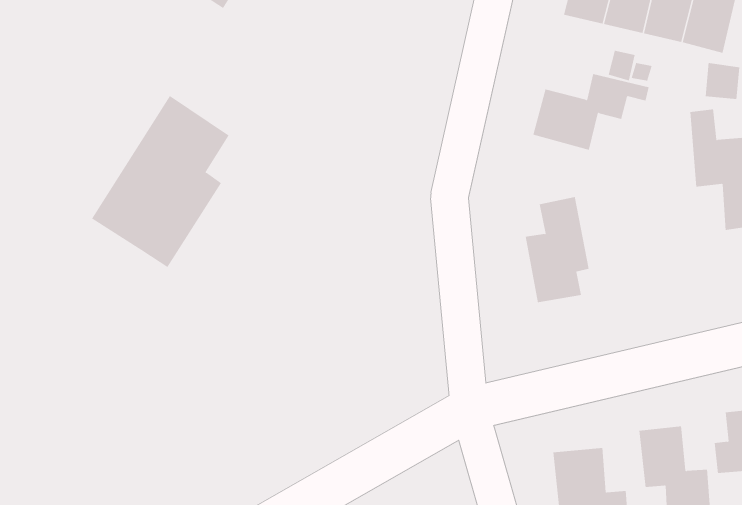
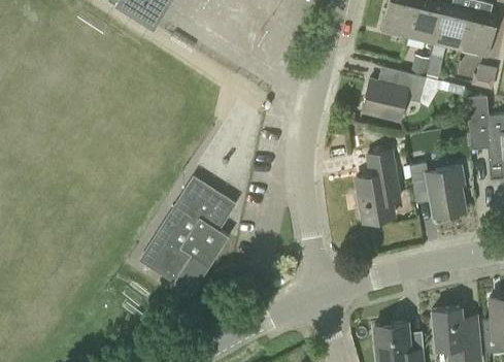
building: [91,95,229,268] -> [141,176,234,292]
building: none -> [410,162,465,217]

